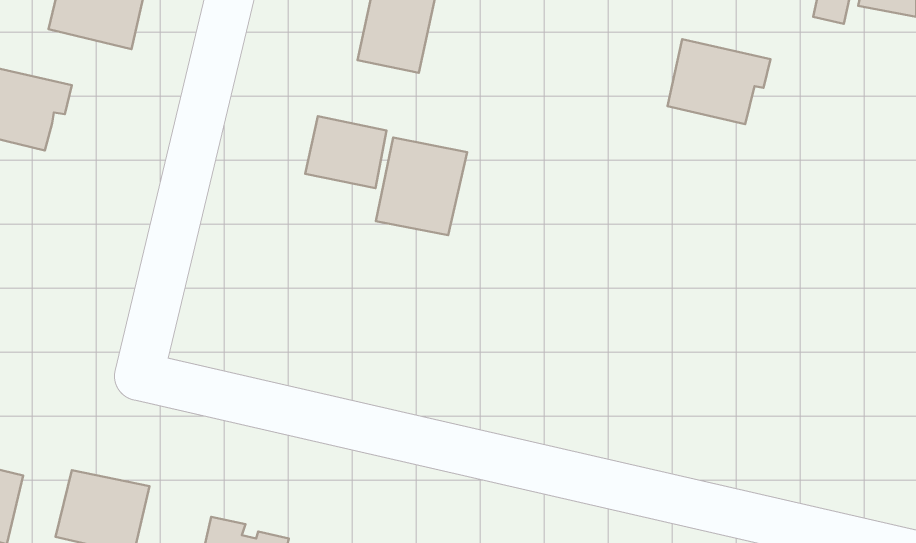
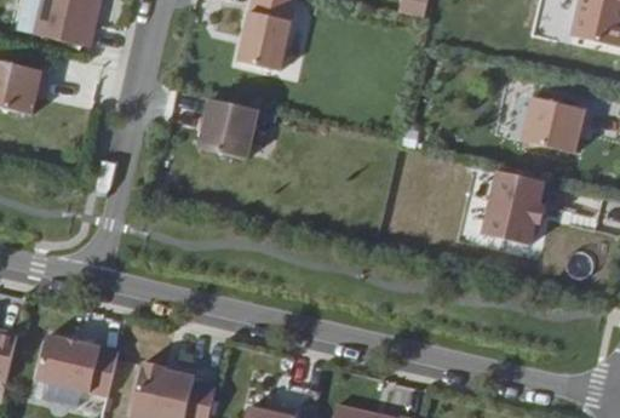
building: [668,39,771,124] -> [527,91,596,148]
building: [376,137,467,235] -> none
building: none -> [488,167,549,239]

